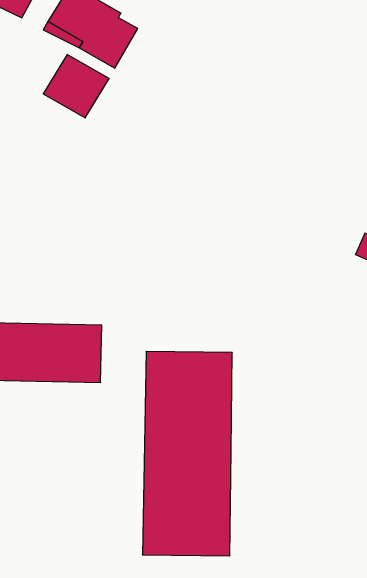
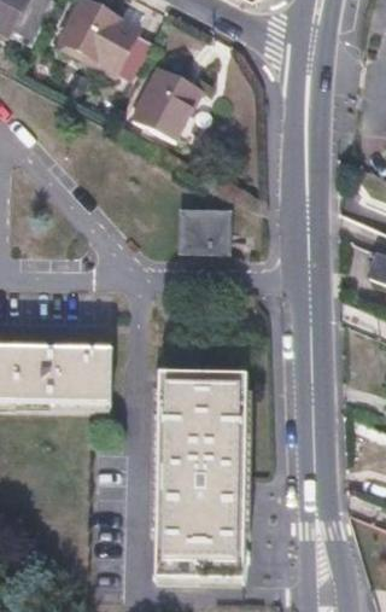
building: [43,55,109,118] -> [135,62,201,126]
building: none -> [183,210,227,247]

